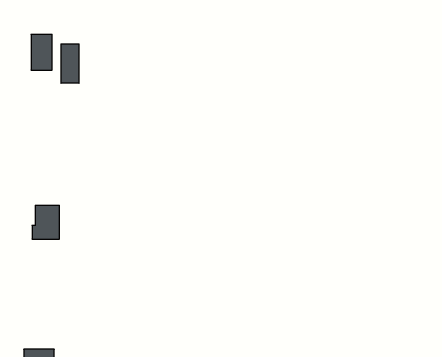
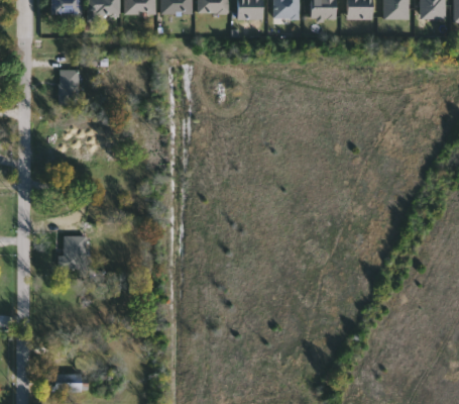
building: [61,44,79,83] -> none

